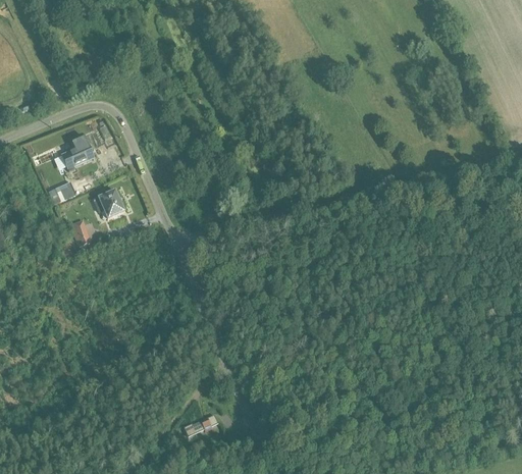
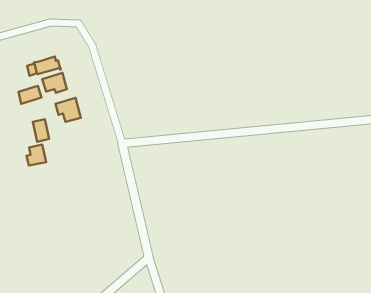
building: none -> [42,73,67,93]
building: none -> [27,145,46,165]

